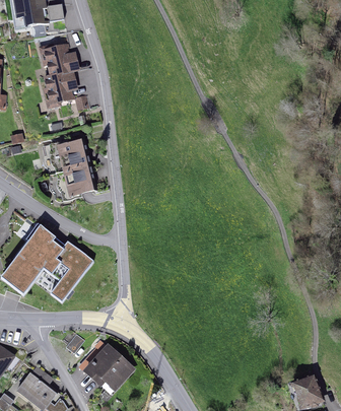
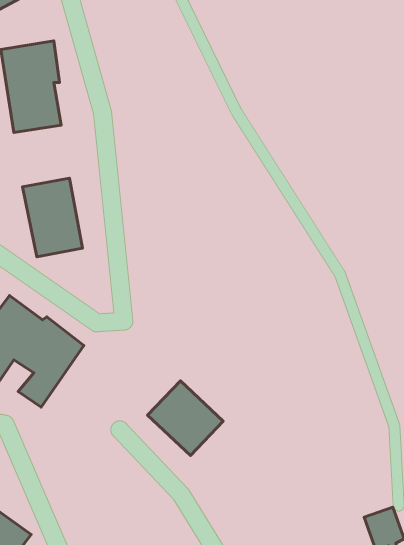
building: [81,340,135,393] -> [147,381,223,455]

